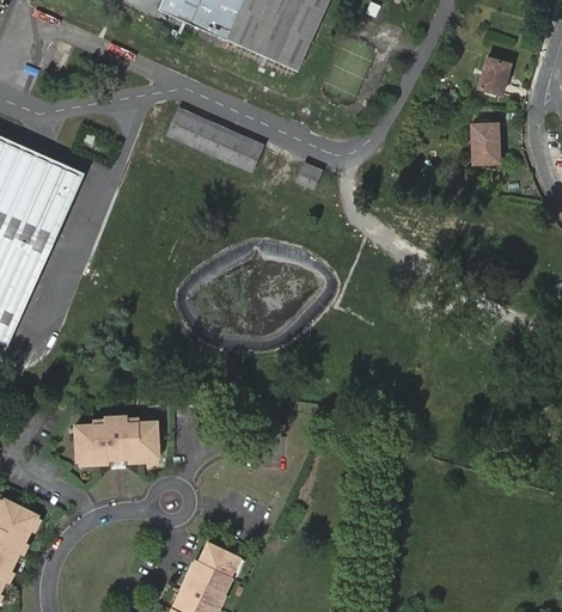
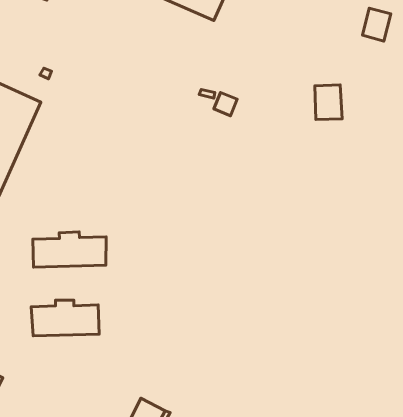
building: [165,106,265,173] -> none
building: [469,123,502,166] -> [315,85,342,120]
building: none -> [33,232,106,267]

